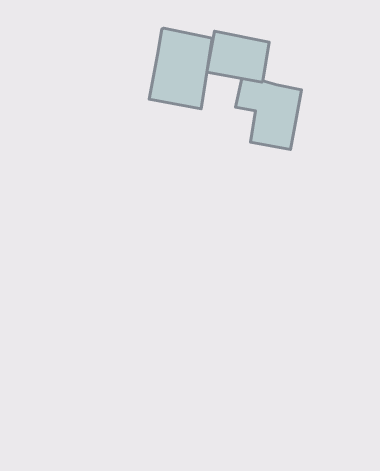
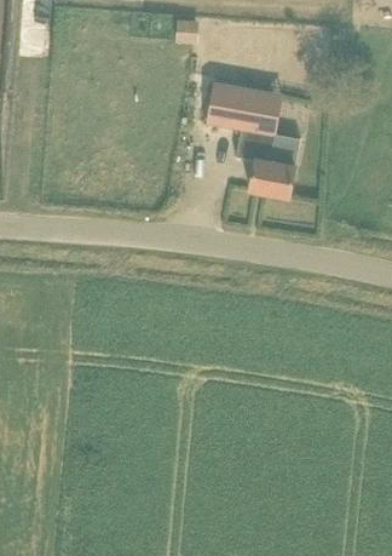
building: [149,28,212,109] -> none

